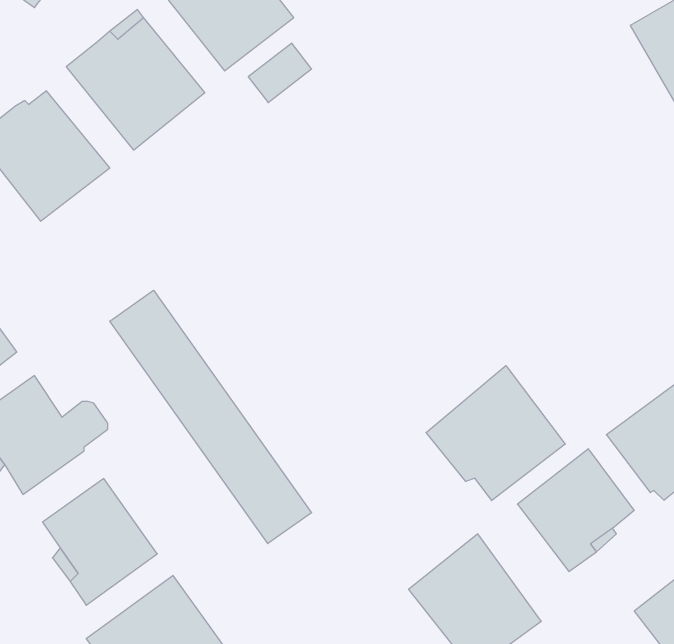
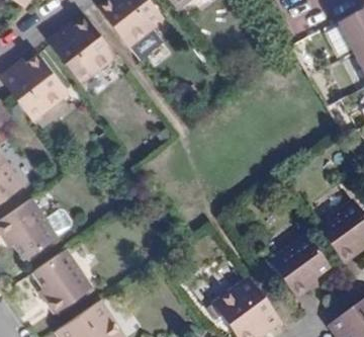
building: [110,290,312,544] -> none
building: [426,366,565,501] -> none

